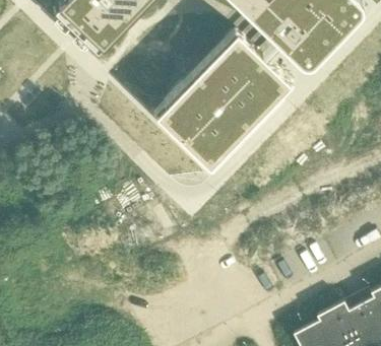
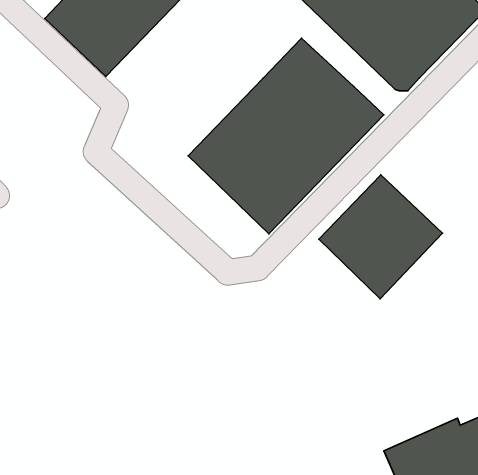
building: none -> [319,175,442,299]

